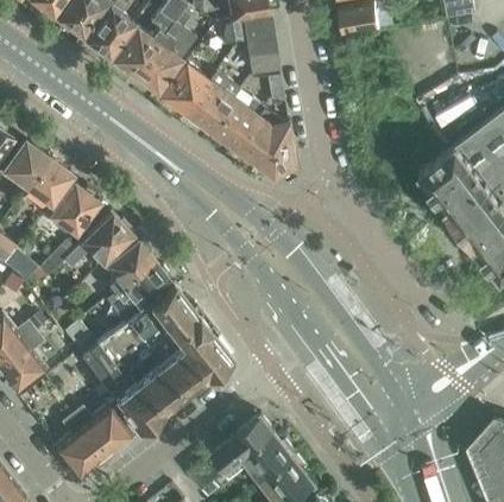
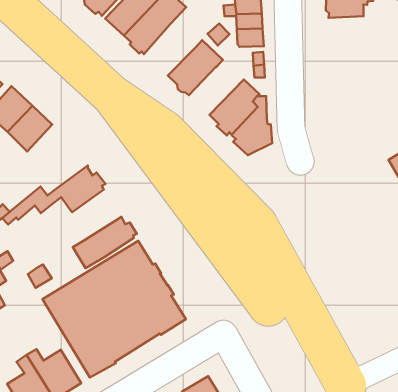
building: [159,62,208,112] -> none
building: [207,96,262,147] -> none
building: [51,185,97,240] -> none
building: [106,242,152,292] -> none

